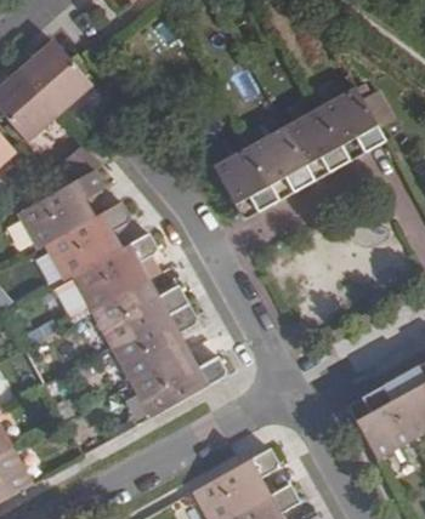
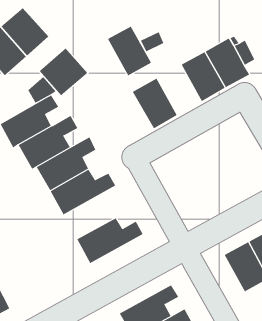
building: none -> [39,47,88,96]
building: [248,126,313,200] -> [107,26,152,76]
building: [110,303,199,382] -> none

